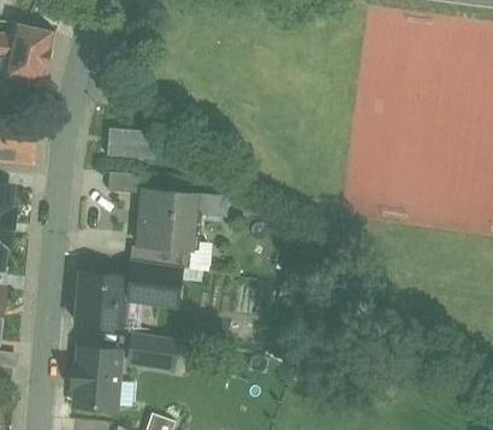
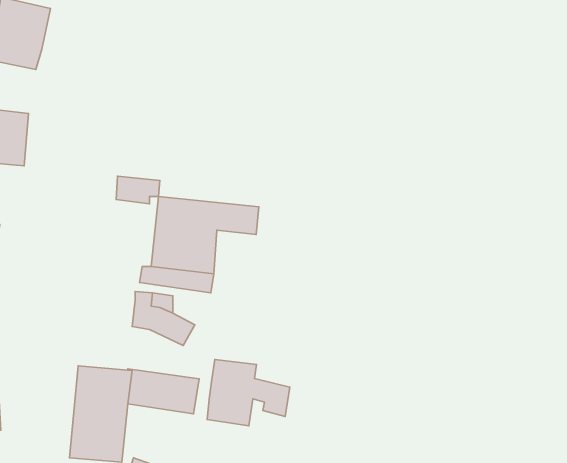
building: [107,128,158,159] -> none
building: [78,270,125,328] -> none
building: none -> [207,359,290,426]

